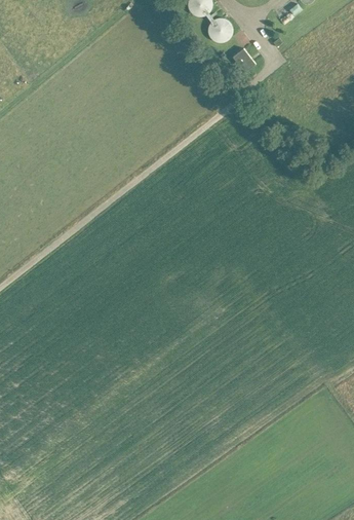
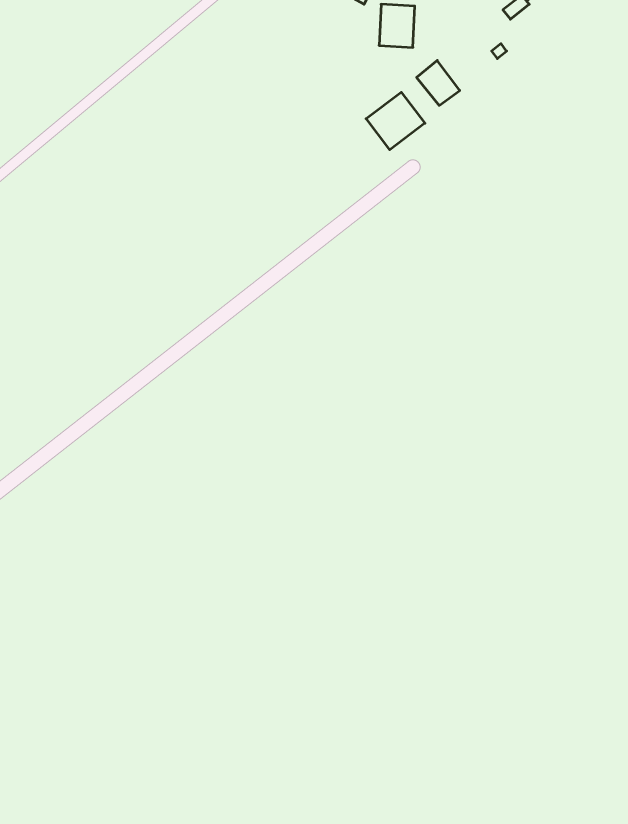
building: none -> [366,92,425,150]

